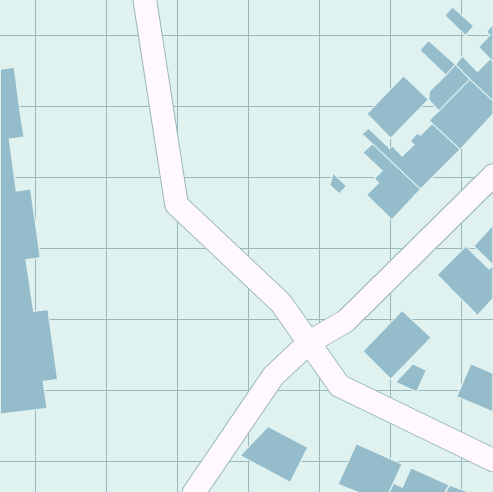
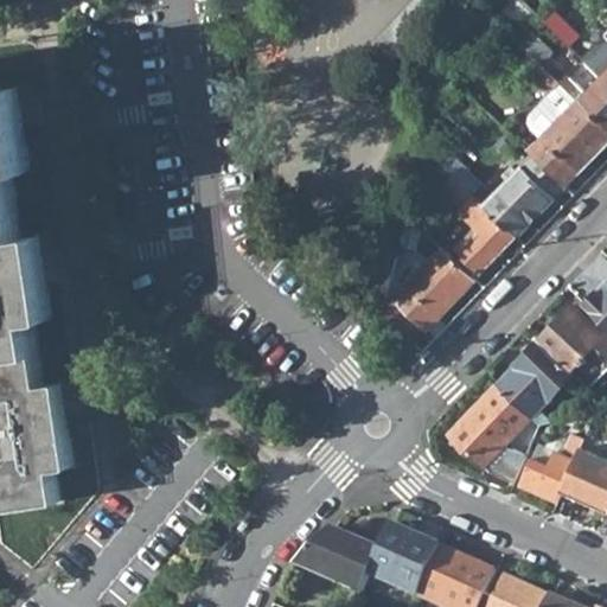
building: [367,76,428,138] -> none
building: none -> [398,245,474,327]
building: none -> [494,339,571,426]
building: none -> [516,434,582,501]
building: none -> [366,525,437,596]

